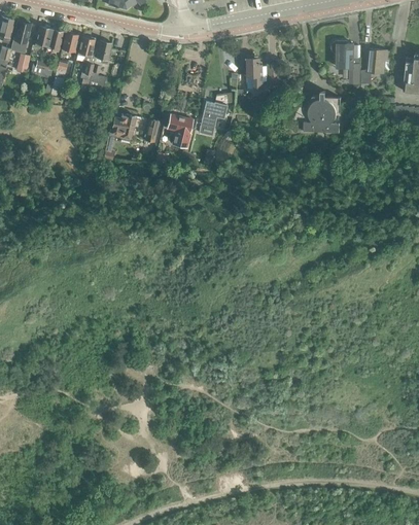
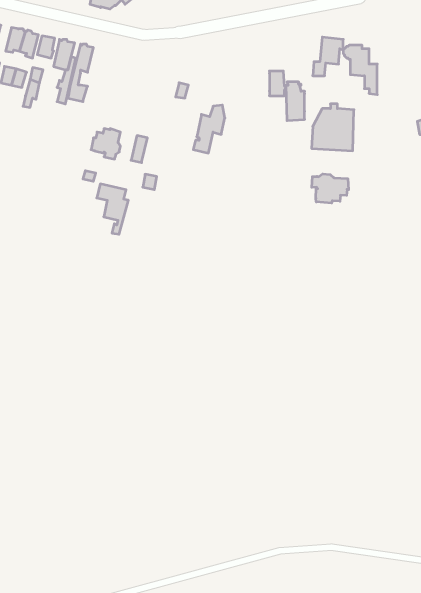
building: [360,49,387,83] -> [313,37,343,76]
building: [245,56,261,90] -> [286,82,305,121]
building: [167,115,195,160] -> [97,184,128,234]
building: none -> [312,174,349,203]

